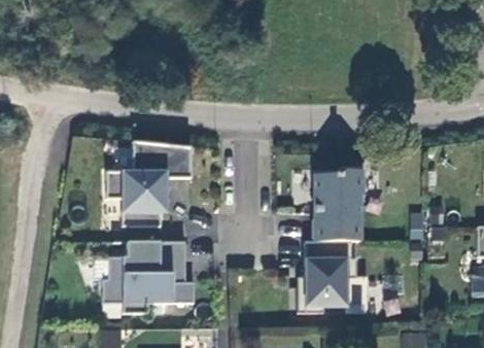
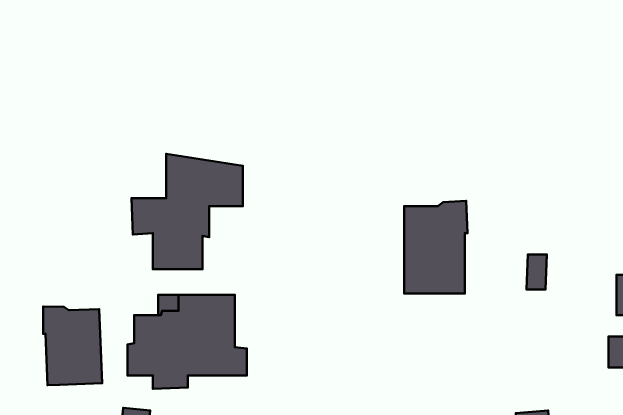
building: [298,241,356,313] -> none
building: none -> [43,307,102,385]

